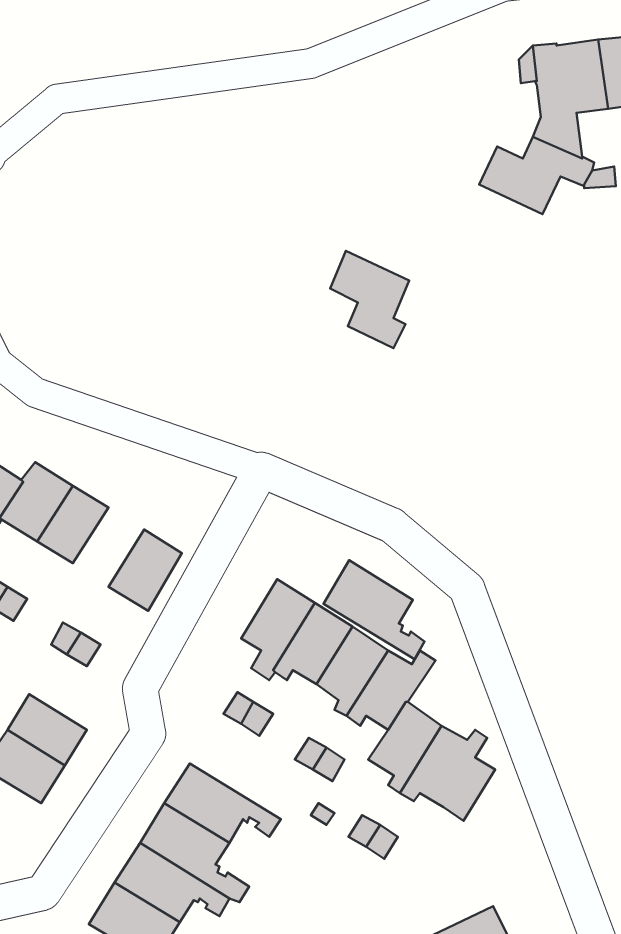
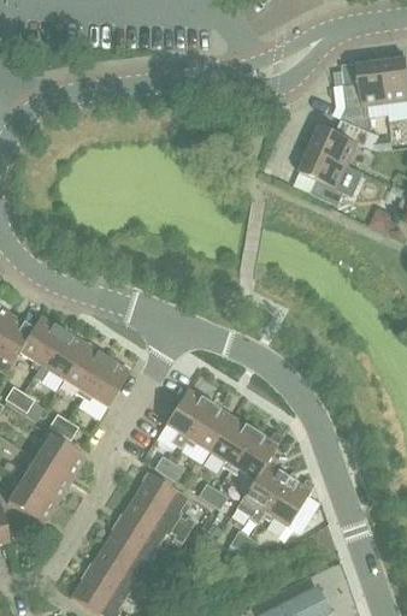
building: [330,251,409,348] -> [299,147,347,206]
building: none -> [61,343,105,391]
building: [323,560,425,659] -> [132,472,194,532]
building: none -> [35,433,84,478]

